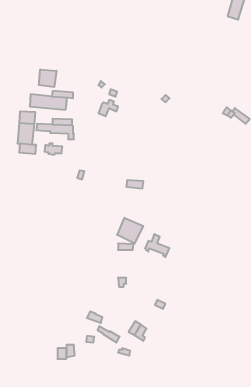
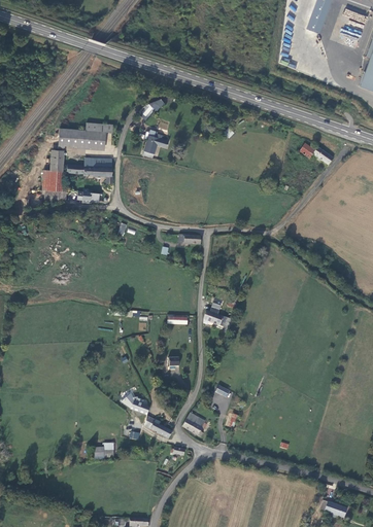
building: [39,69,56,87] -> none
building: [117,218,143,244] -> none

